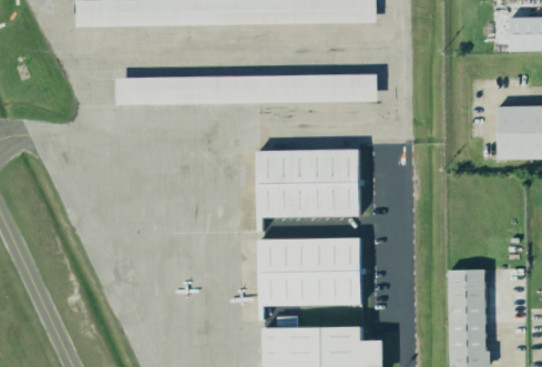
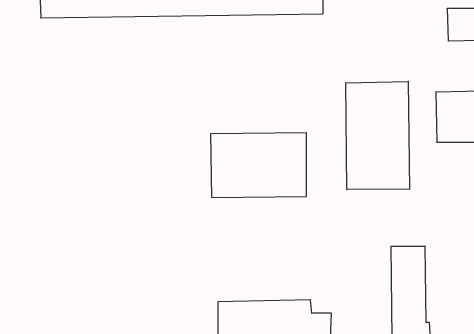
building: [115,73,377,104] -> none
building: none -> [346,81,409,190]
building: [257,237,360,305] -> none

